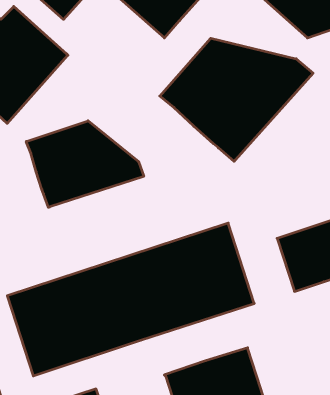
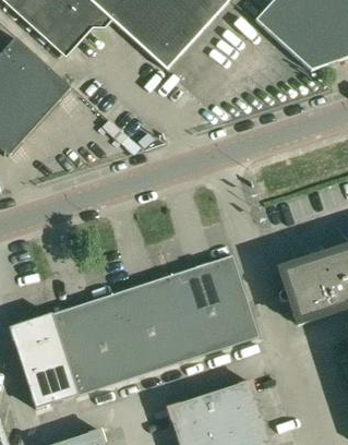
building: [160,38,313,161] -> none
building: [26,121,144,207] -> none

